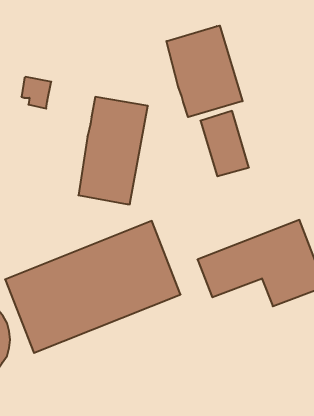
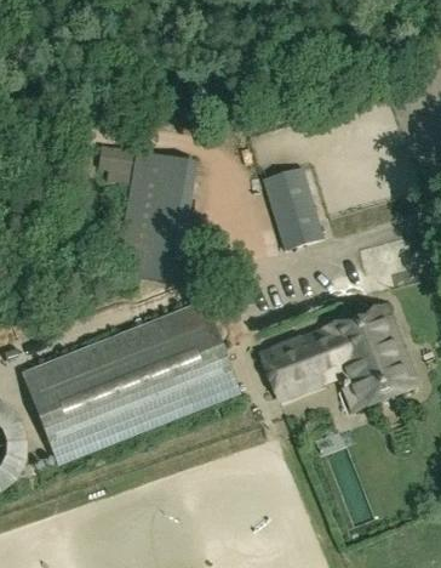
building: [166,26,243,117] -> none
building: [21,77,51,109] -> [98,144,134,183]

